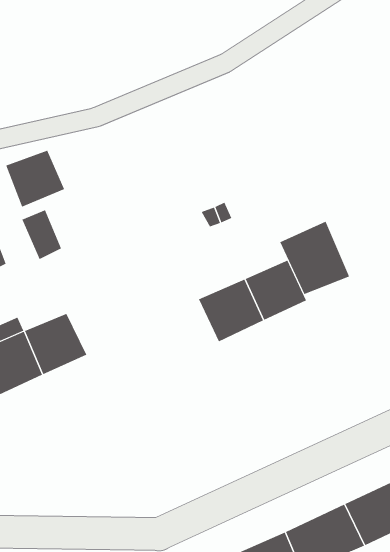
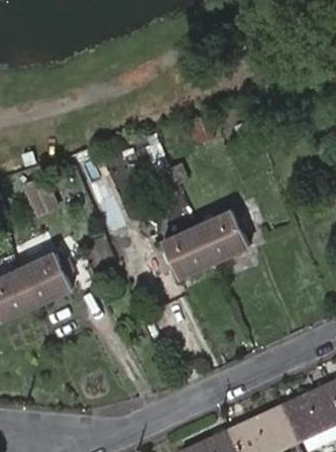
building: [5,150,65,207] -> none
building: [279,221,350,295] -> none

